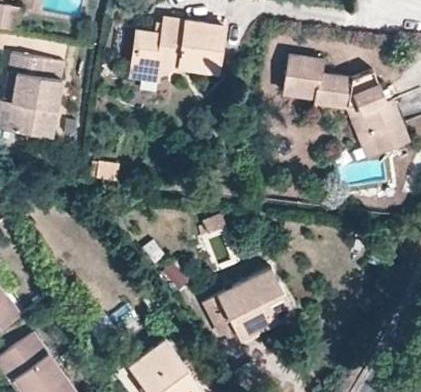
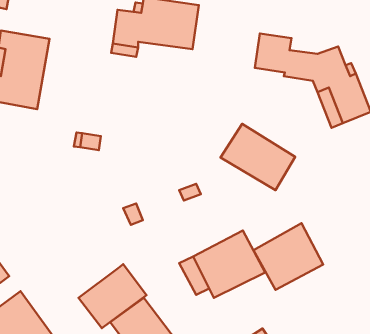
building: none -> [221,124,295,190]
building: none -> [253,223,323,290]
building: none -> [78,264,146,328]

